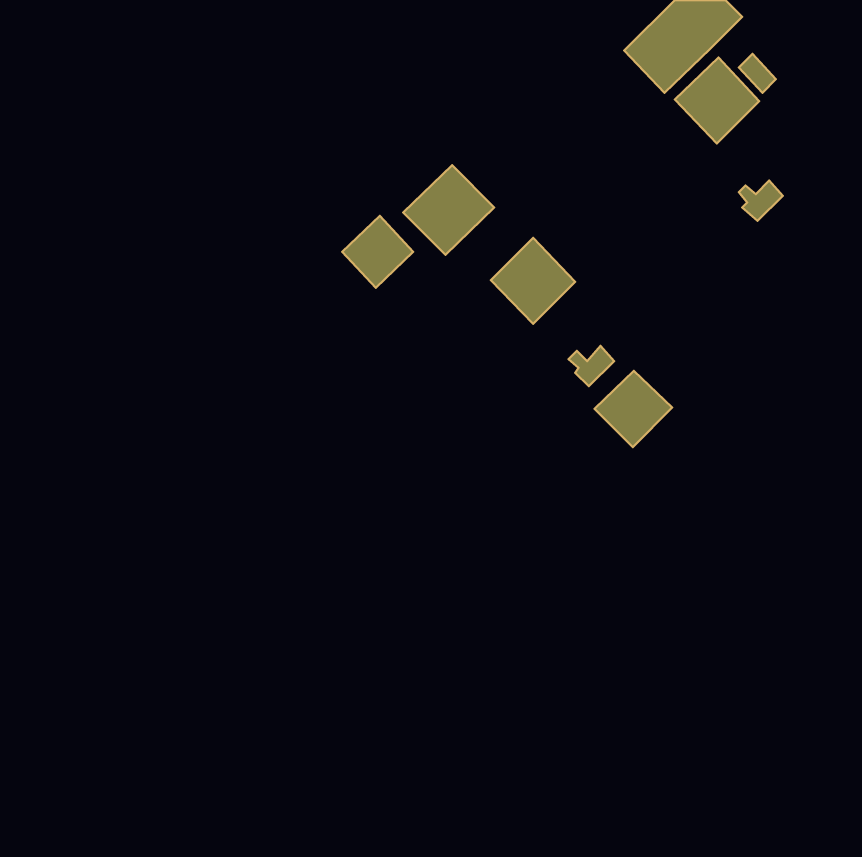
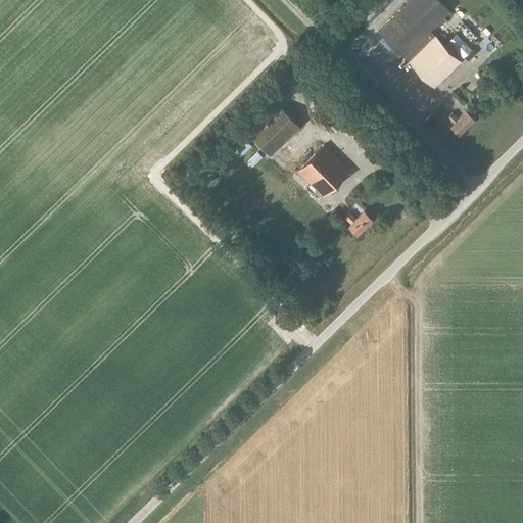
building: [342,216,413,288] -> none
building: [594,371,672,447] -> none

